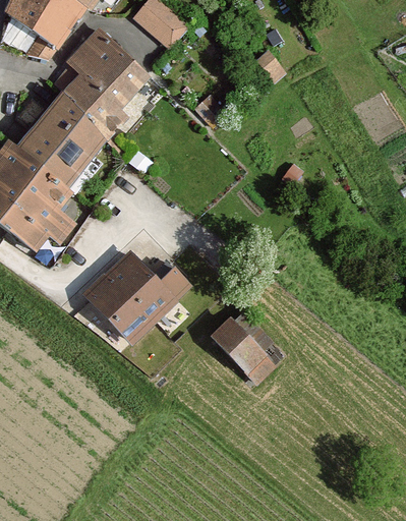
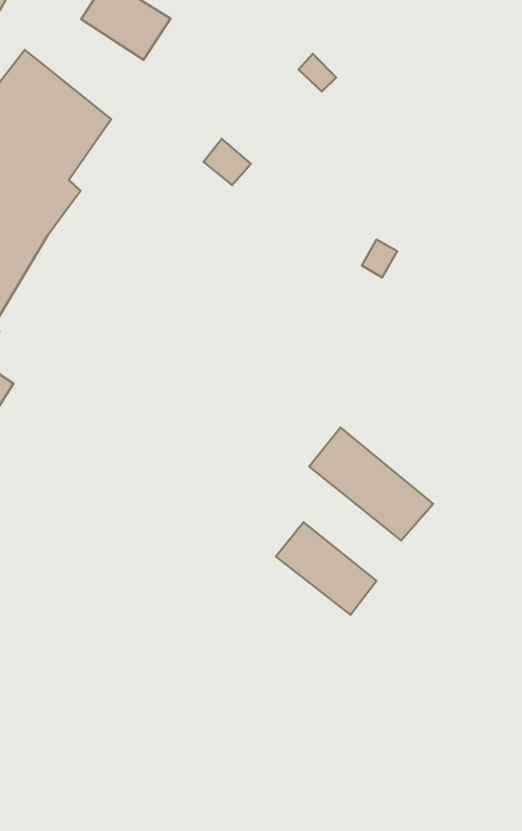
building: [88,254,189,341] -> none
building: none -> [309,427,433,541]

